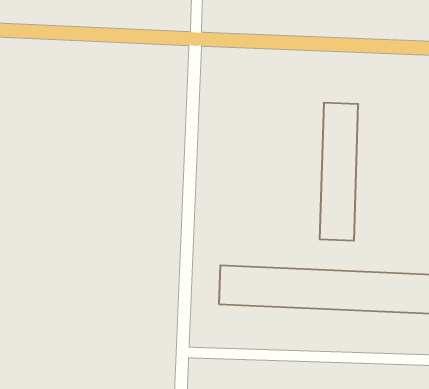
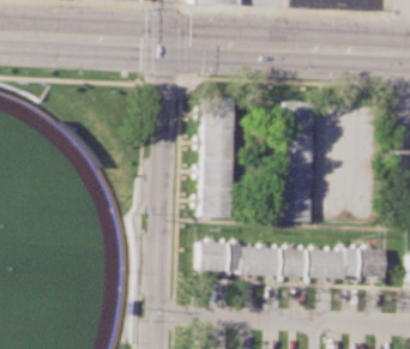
building: none -> [201,96,234,213]

